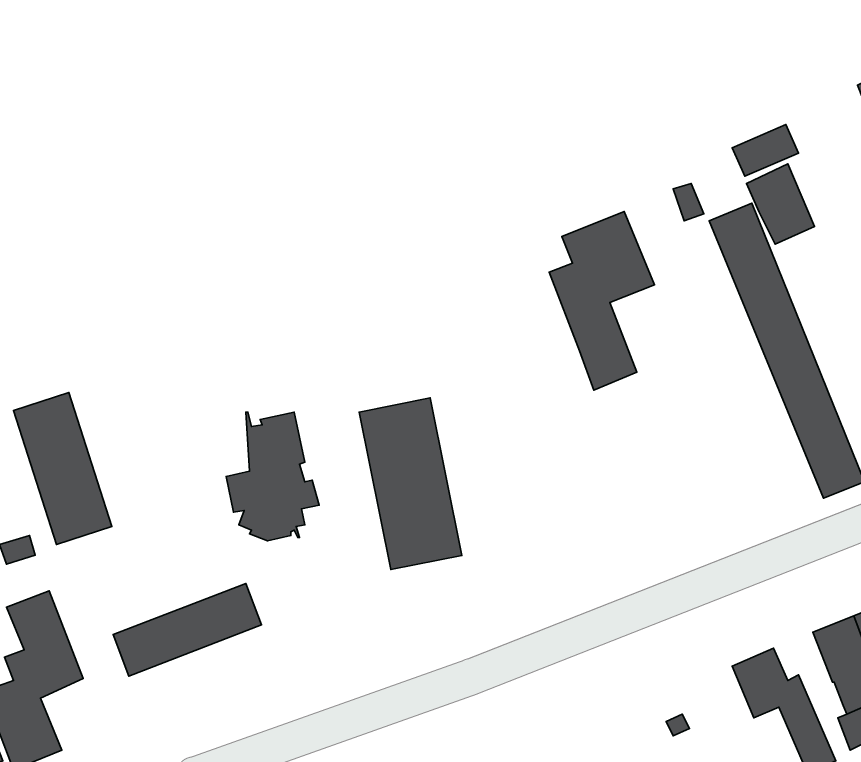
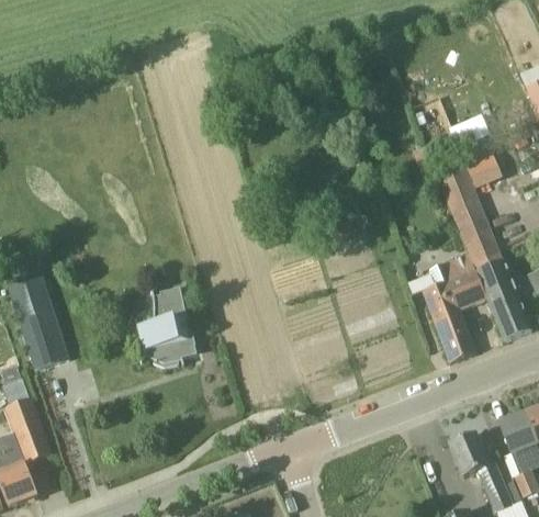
building: [549,211,655,390] -> [423,254,487,363]
building: [359,398,462,570] -> none
building: [113,583,262,676] -> none

